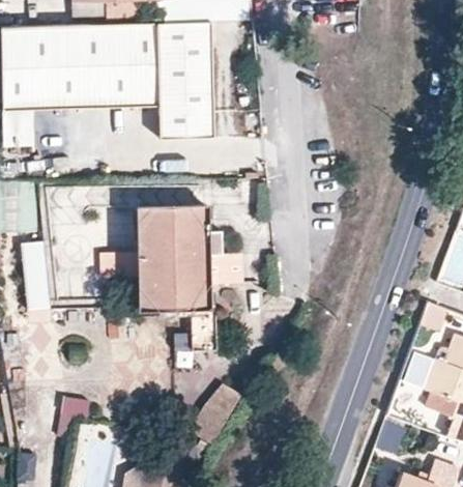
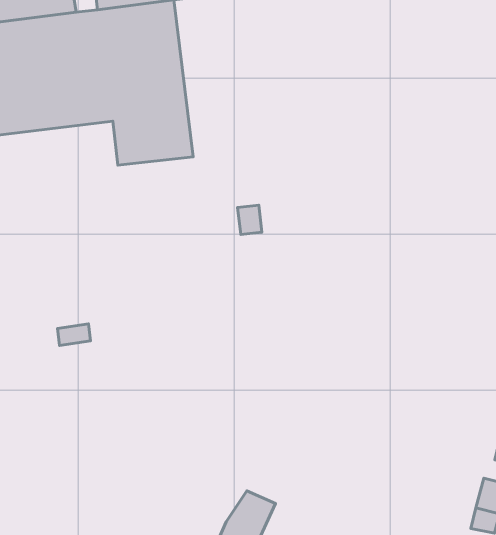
building: [136,204,222,351] -> none

